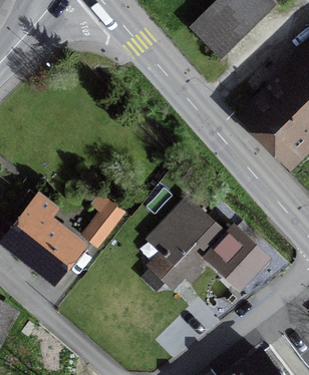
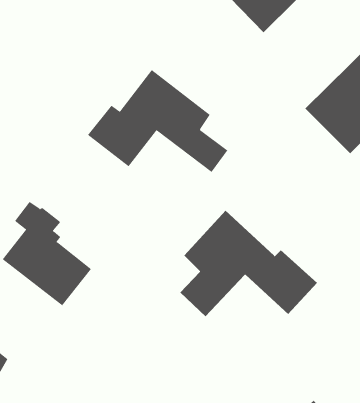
building: none -> [87,69,228,173]
building: [84,195,124,245] -> none

